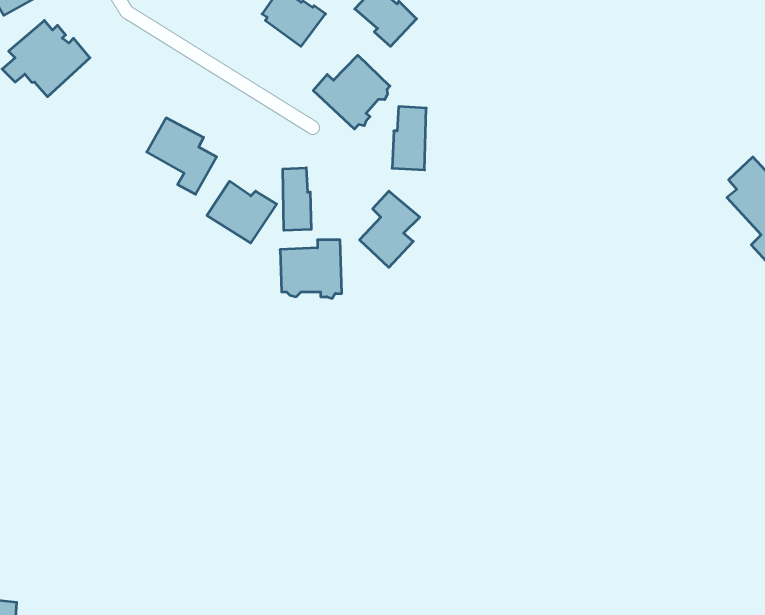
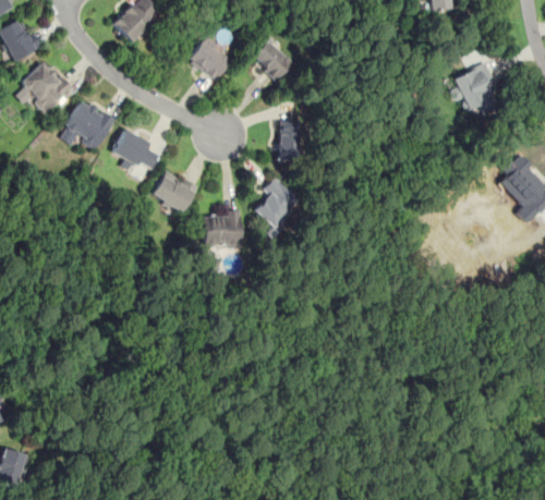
building: none -> [449,62,504,117]
building: [313,55,390,129] -> none
building: none -> [59,99,117,149]
building: [283,168,311,230] -> none

